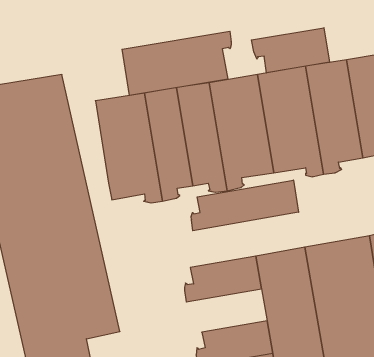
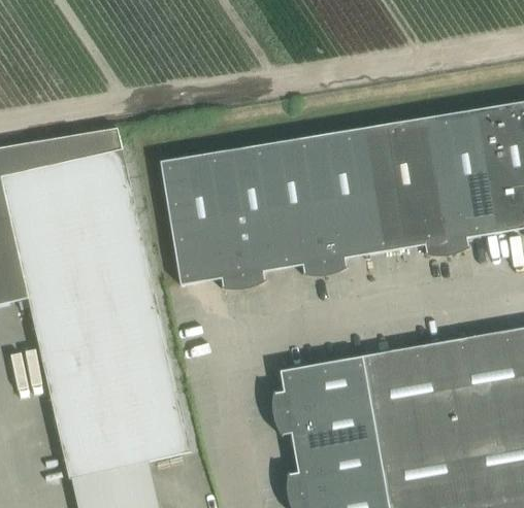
building: [251,28,330,73] -> none
building: [122,31,231,95] -> none
building: [191,180,299,231] -> none
building: none -> [274,398,376,452]

